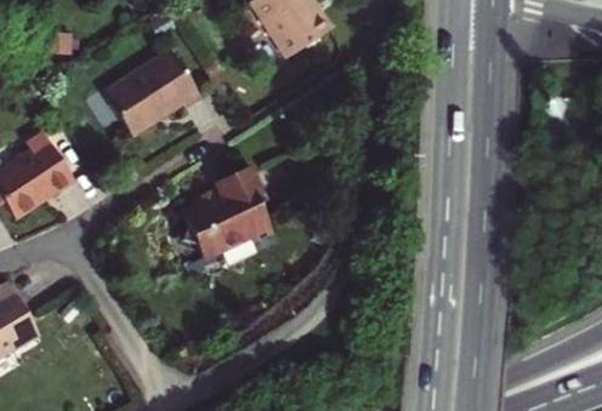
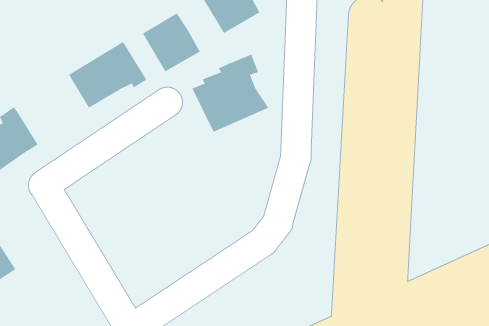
building: none -> [142,12,201,72]
building: [181,165,273,258] -> [192,54,269,132]

